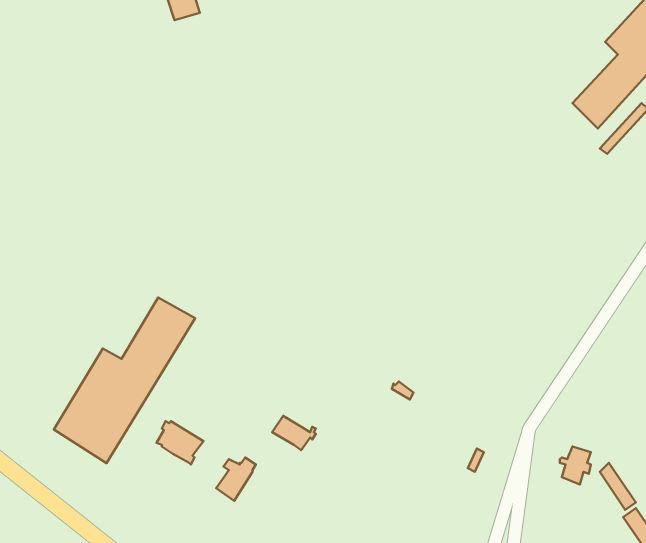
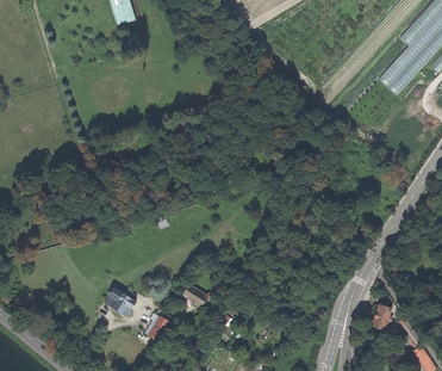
building: [54,298,195,463] -> none

